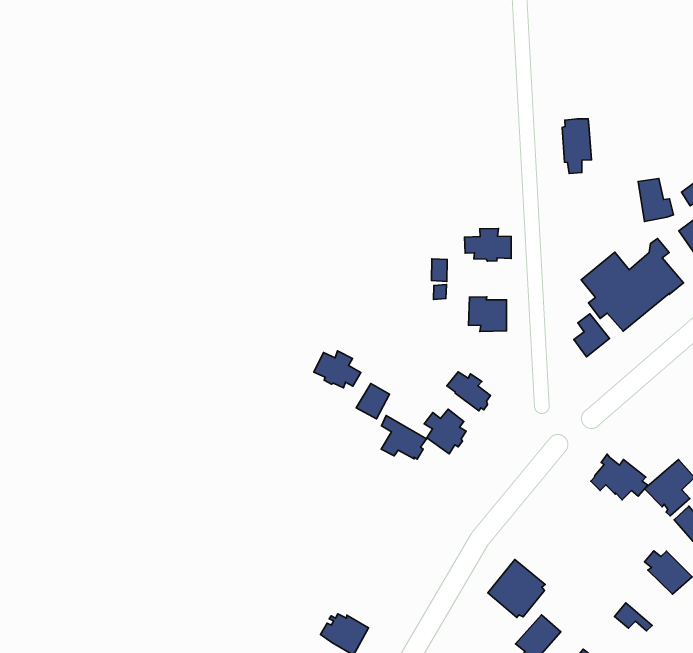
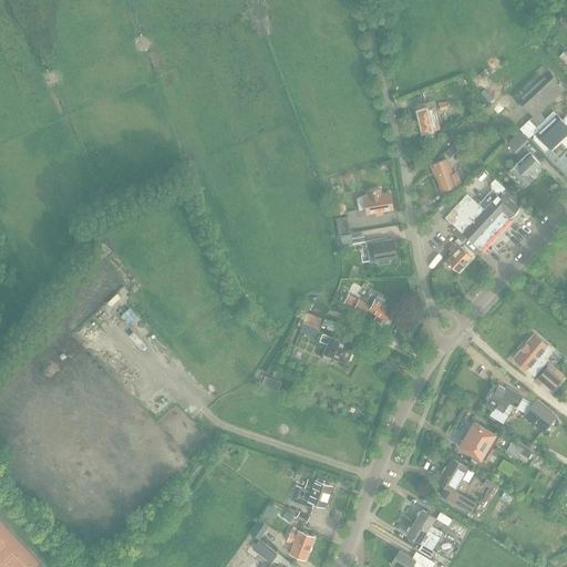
building: [638,178,673,221] -> [431,158,460,190]
building: [314,351,361,388] -> none
building: [424,409,466,454] -> none
building: [591,454,648,500] -> [484,383,525,414]
building: [488,560,545,618] -> [456,420,496,461]

